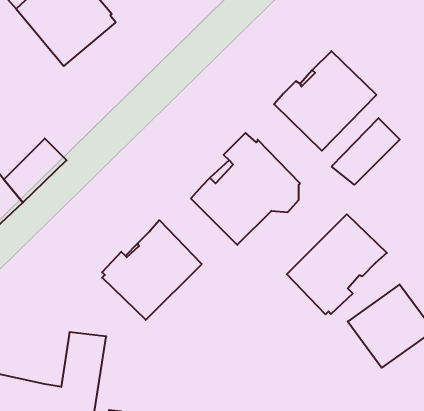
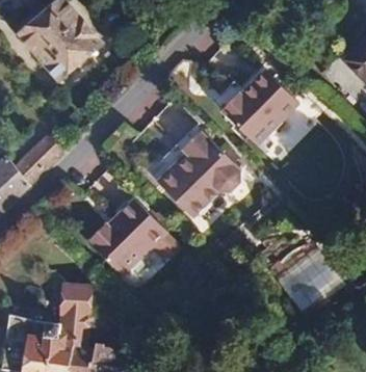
building: [332,118,400,185] -> none
building: [287,214,387,314] -> none

